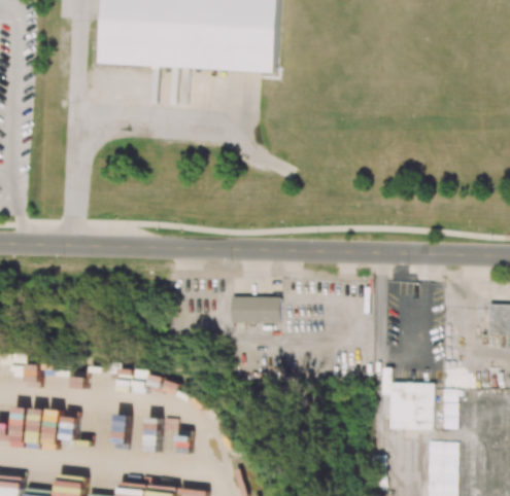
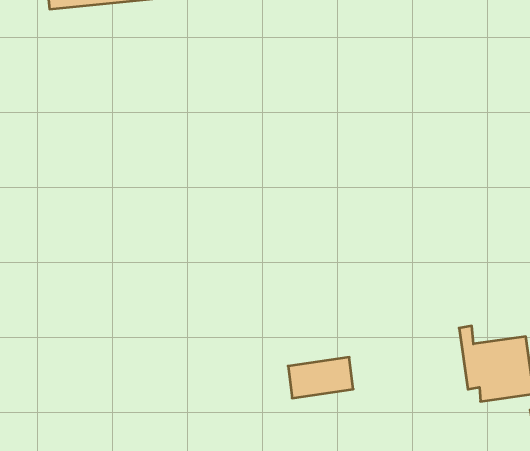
building: [231,296,281,323] -> [288,357,353,398]

